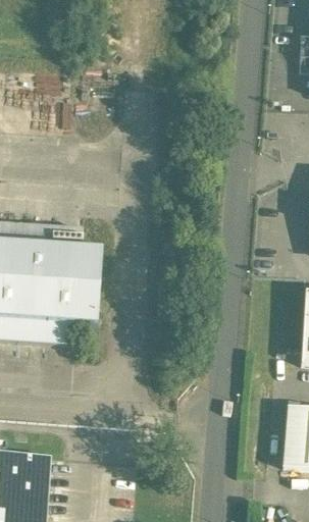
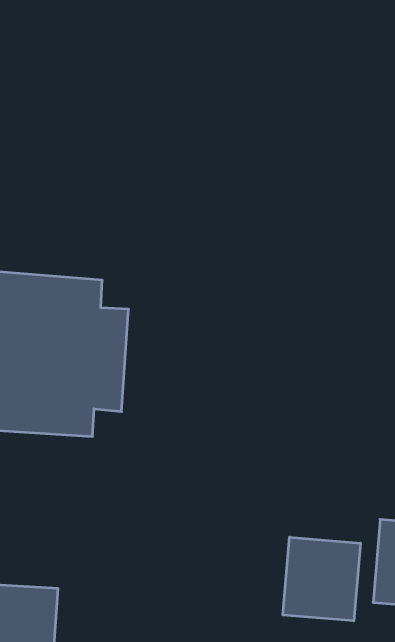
building: none -> [283,537,360,621]

